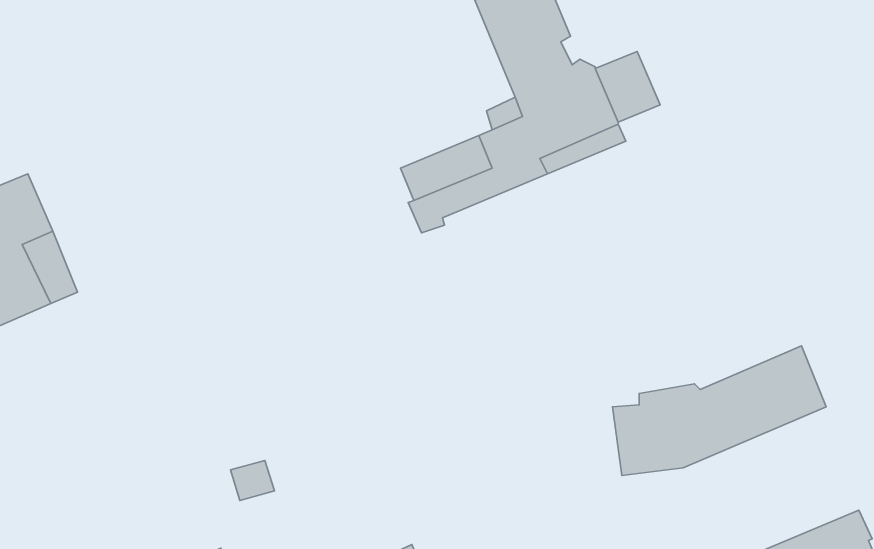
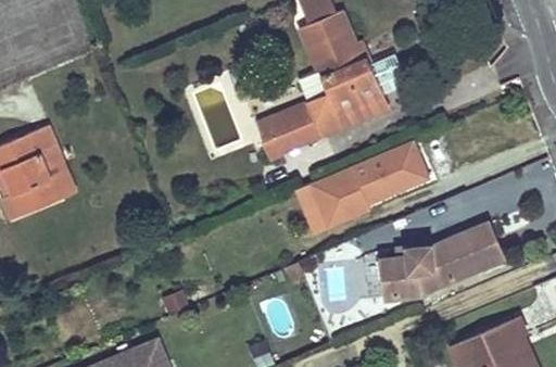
building: none -> [312,141,432,228]

